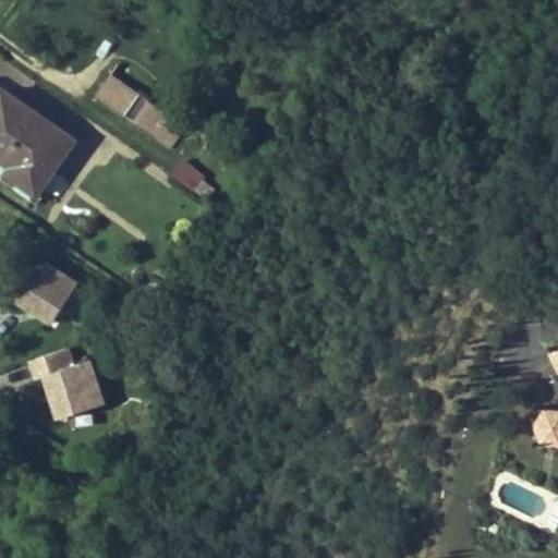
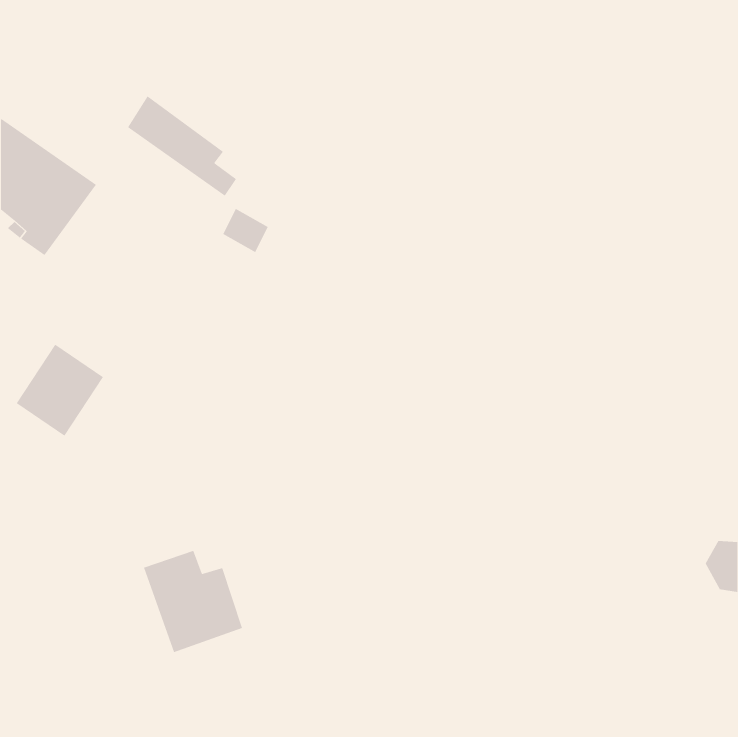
building: [31,348,106,425] -> [143,550,243,653]

